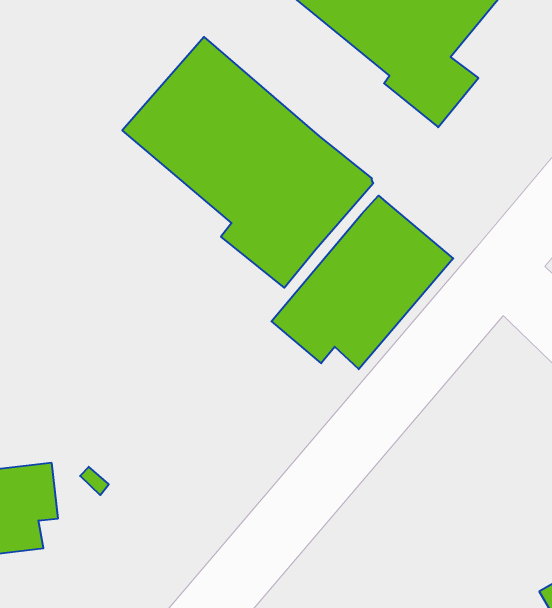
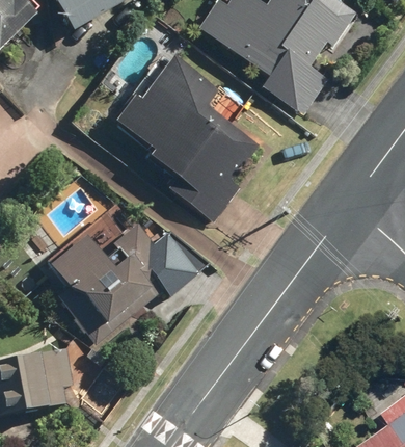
building: [271,196,453,369] -> none
building: none -> [52,218,181,340]

